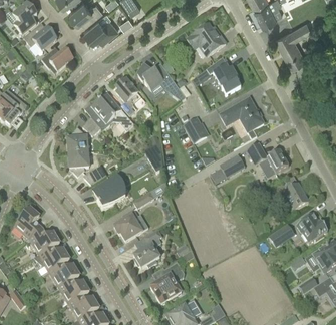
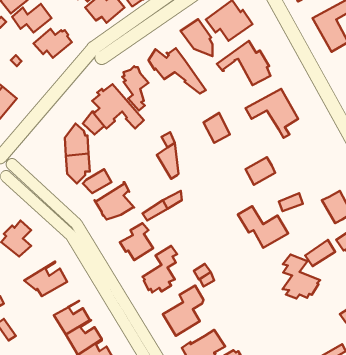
building: none -> [181,19,213,56]
building: [246,141,288,177] -> [238,206,288,248]
building: [29,228,59,254] -> none
building: none -> [283,254,320,299]
building: [48,258,79,286] -> none

